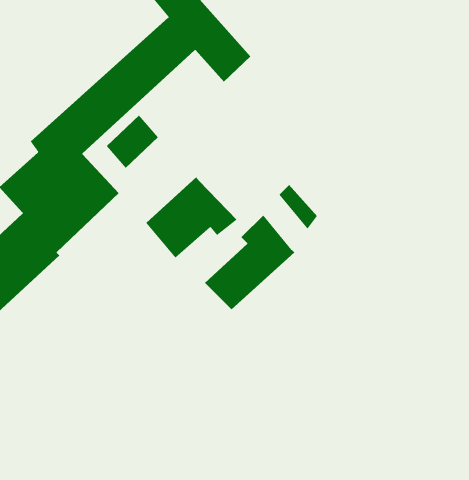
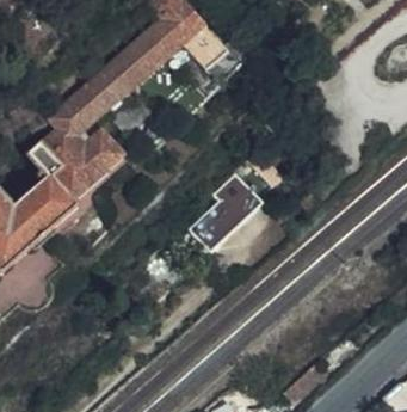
building: [145,177,237,258] -> none

